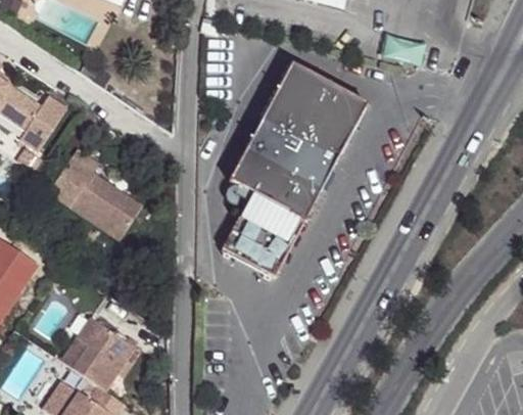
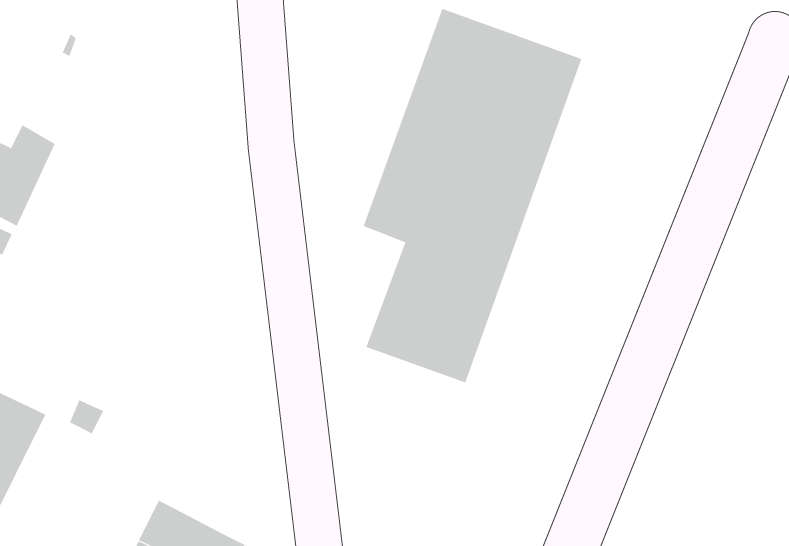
building: [48,143,141,235] -> none

